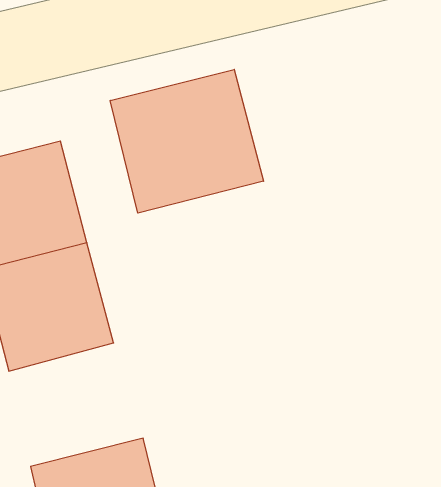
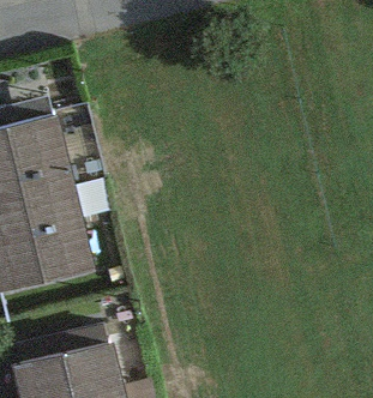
building: [110,69,264,213] -> none

